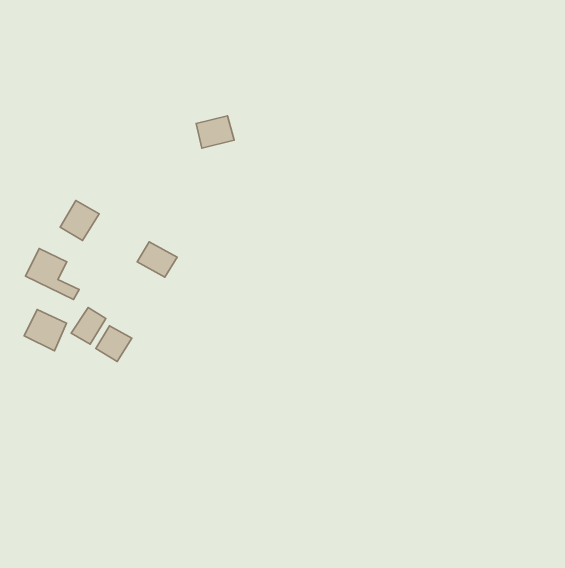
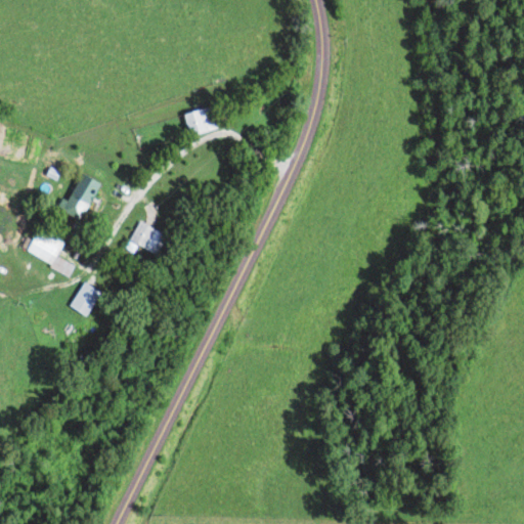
building: [24,309,67,351] -> none
building: [96,326,132,361] -> none

